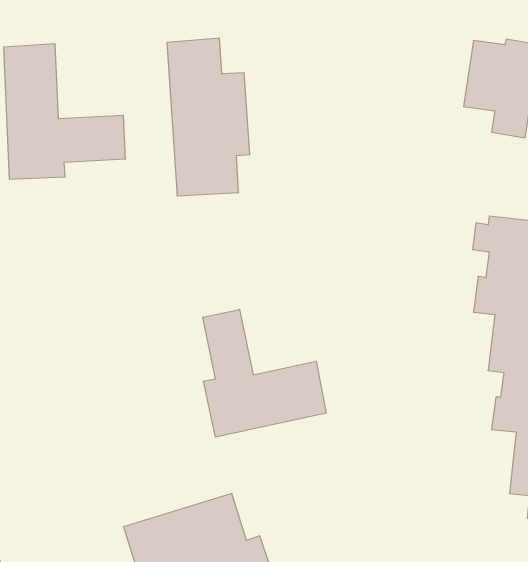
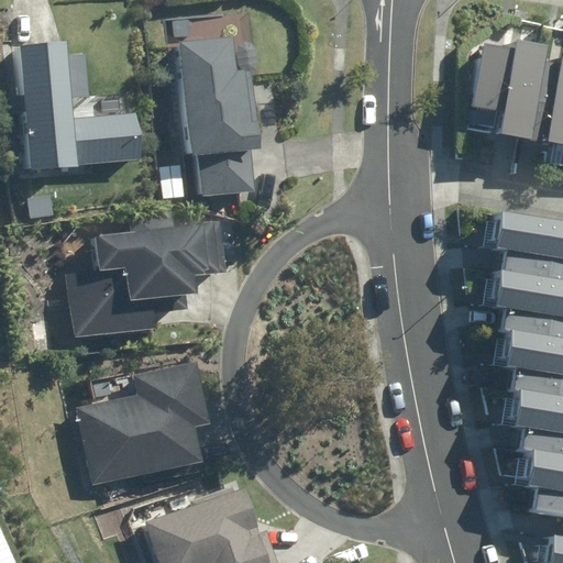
building: none -> [64,210,228,339]
building: [203,309,326,437] -> none
building: none -> [73,363,208,485]

